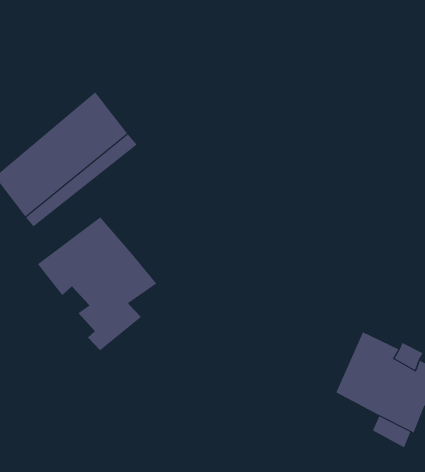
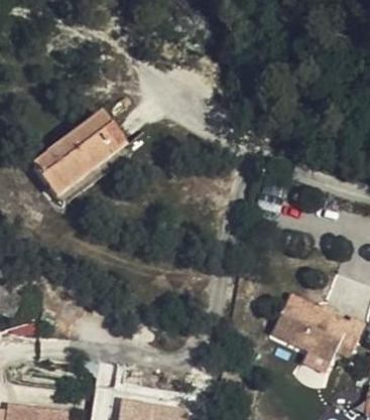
building: [37,217,157,351] -> none

